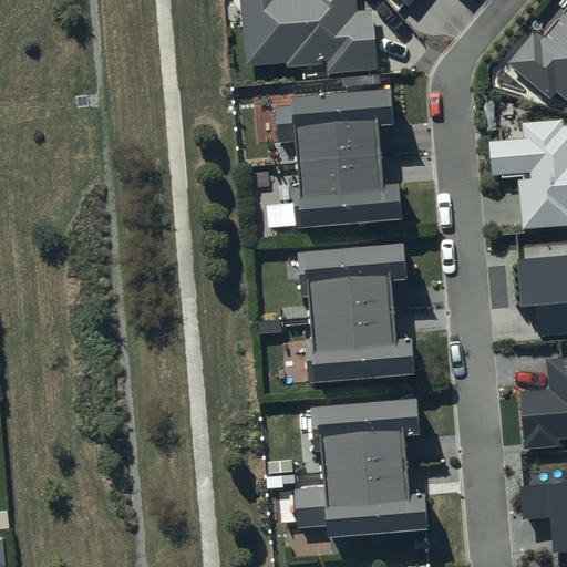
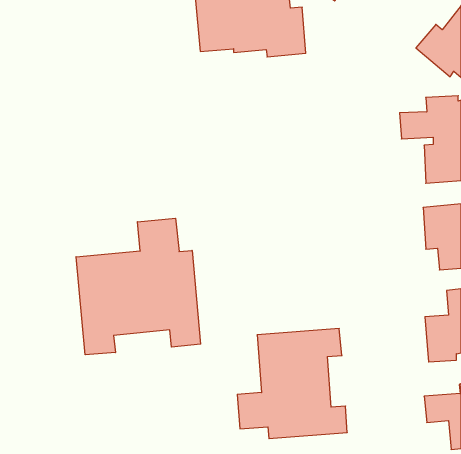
building: [278,92,402,228] -> none
building: [305,248,415,385] -> none
building: none -> [76,218,201,355]

